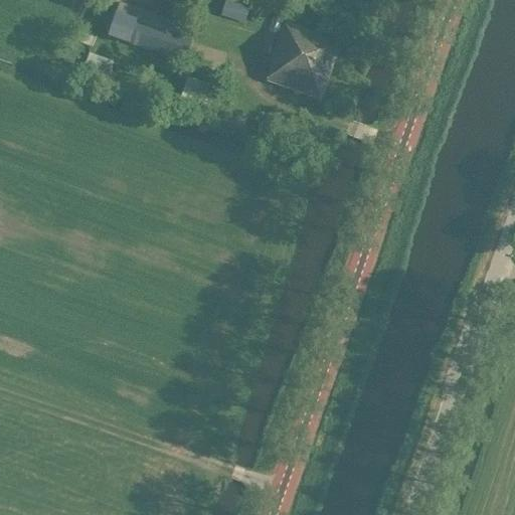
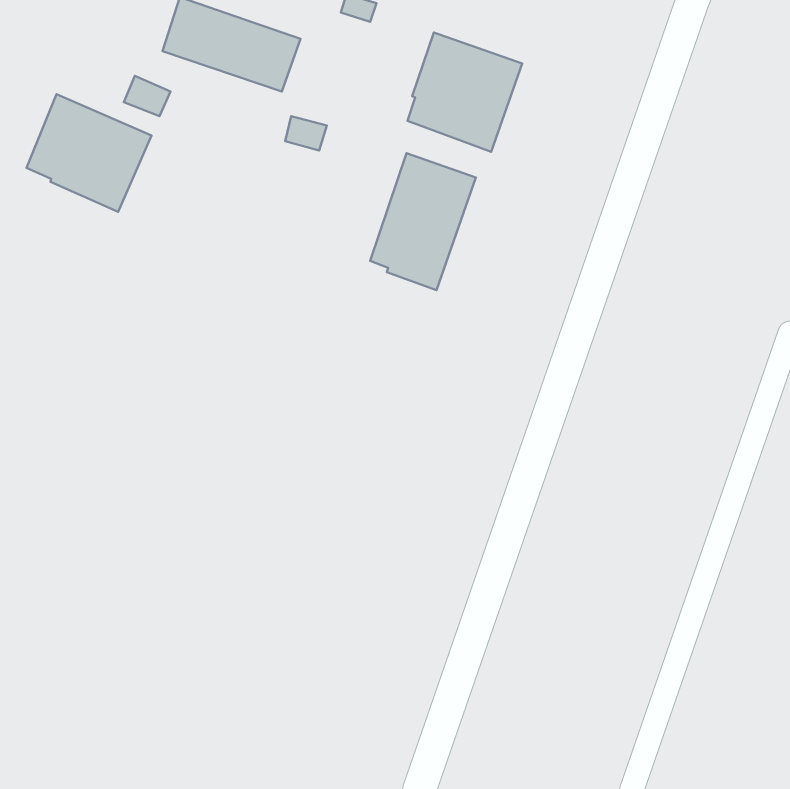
building: none -> [26,94,151,212]
building: none -> [370,153,476,290]

